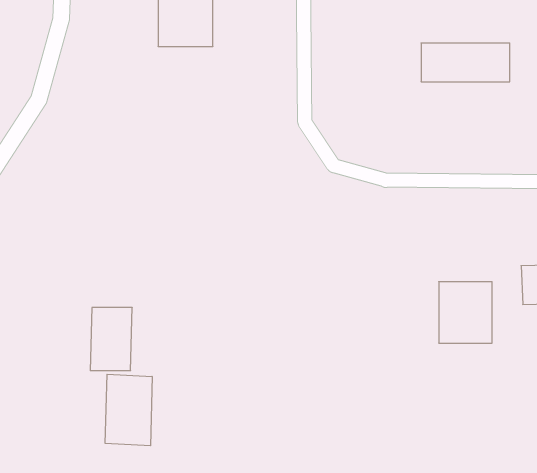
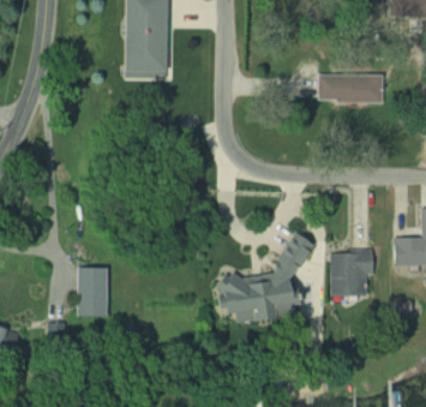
building: none -> [218,232,314,324]
building: [105,374,152,446] -> none

